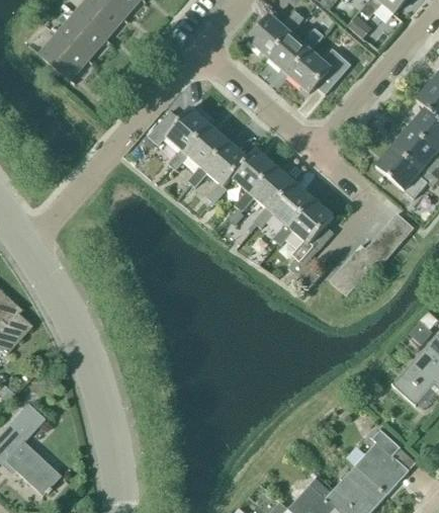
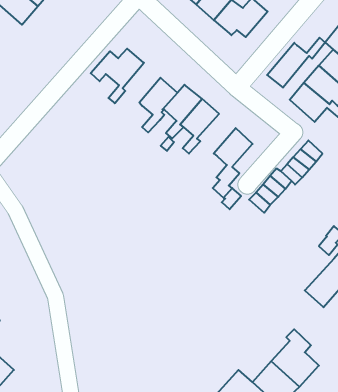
building: none -> [267,38,325,88]
building: [184,123,228,187] -> none
building: [269,182,314,245] -> none

